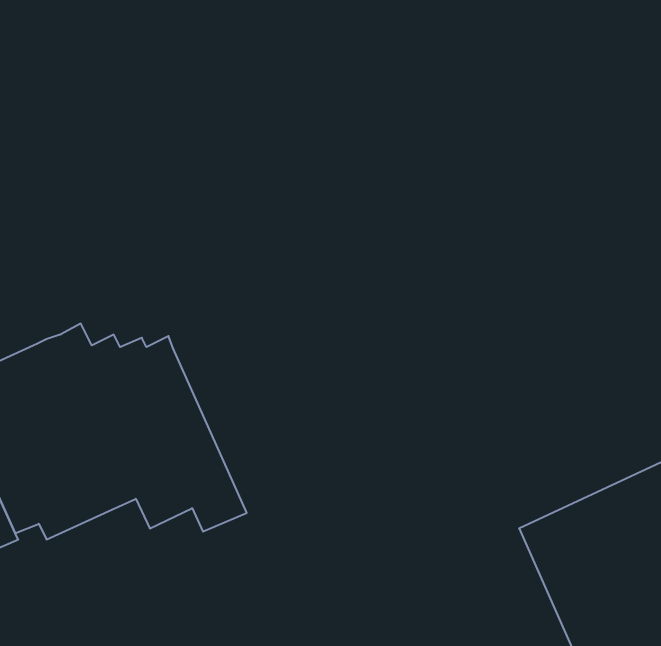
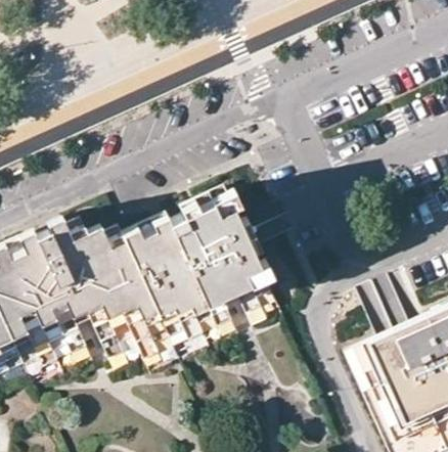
building: none -> [123,183,273,336]

